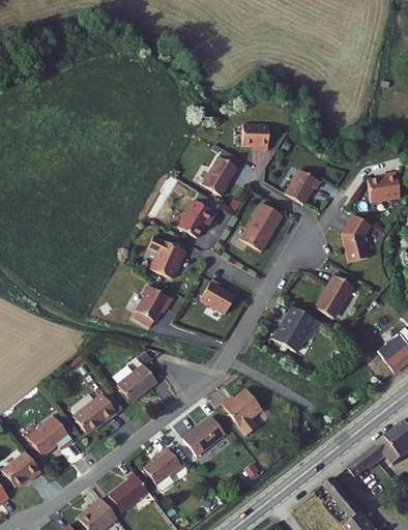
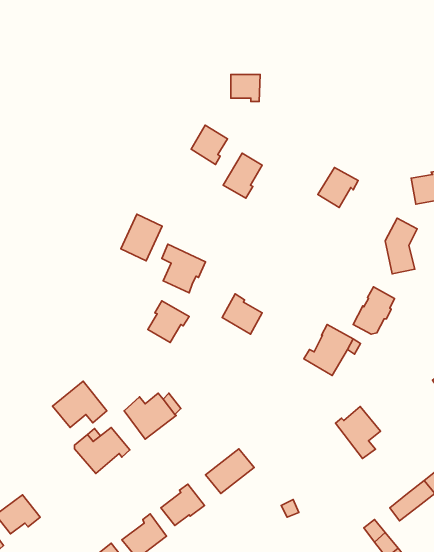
building: [240,123,266,147] -> [231,74,260,102]
building: none -> [191,125,227,164]
building: [177,199,214,237] -> none
building: [240,203,282,251] -> none
building: none -> [121,214,162,261]
building: [223,388,262,434] -> [335,406,380,458]
building: [26,417,74,458] -> [53,381,107,427]

